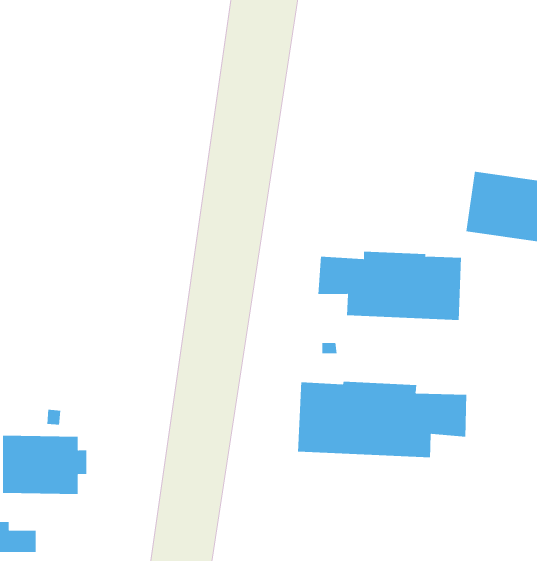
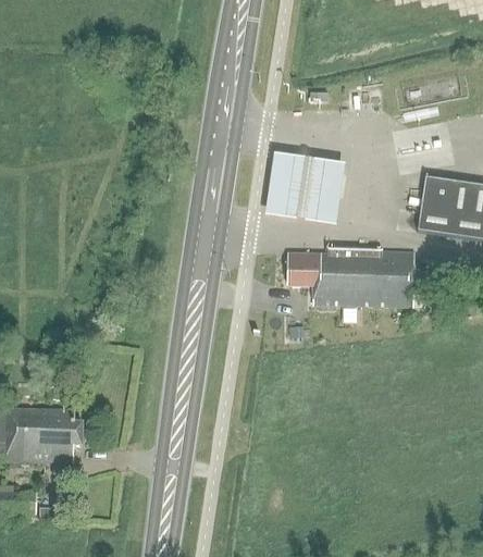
building: none -> [264,150,345,224]
building: [297,381,467,458] -> none

